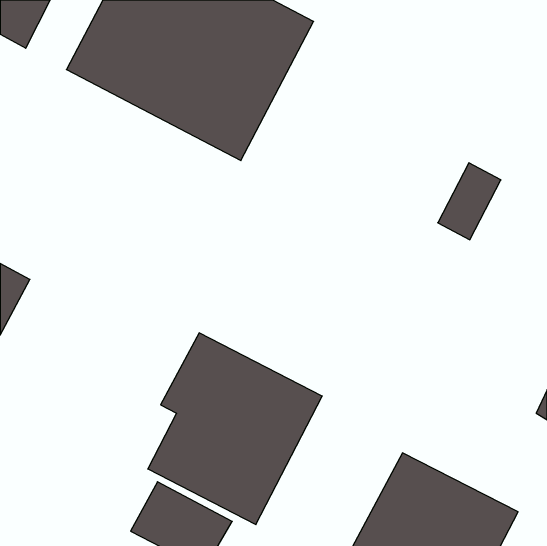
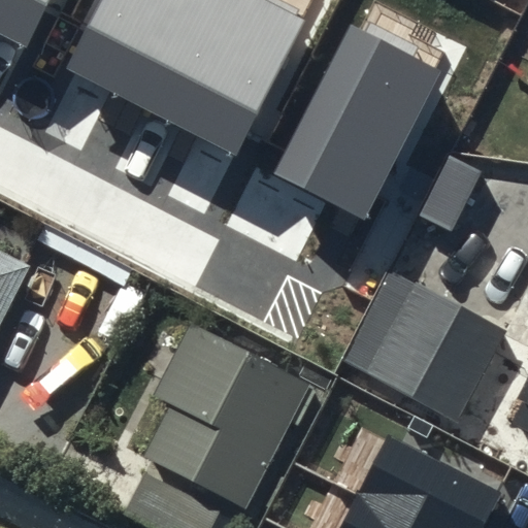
building: none -> [273,25,440,221]
building: none -> [342,272,505,422]

